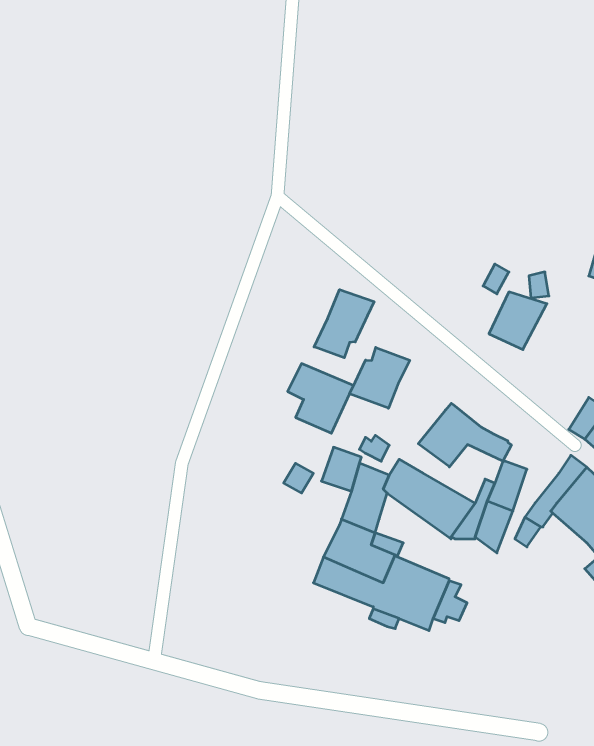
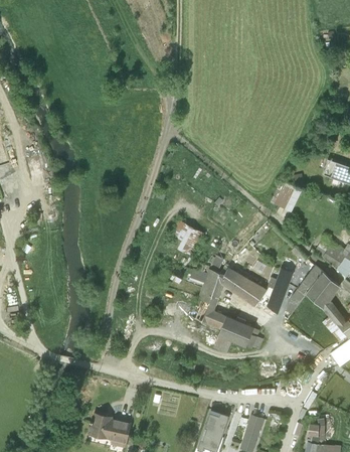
building: [314,290,374,358] -> none
building: [350,347,410,408] -> none
building: [418,403,511,467] -> none

